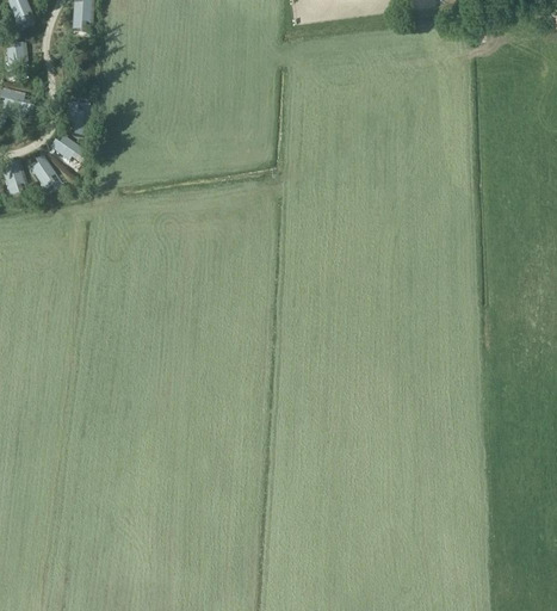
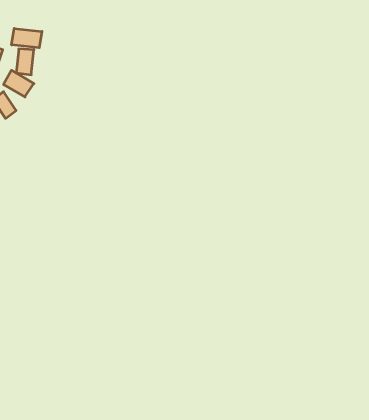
building: none -> [12,28,42,48]

